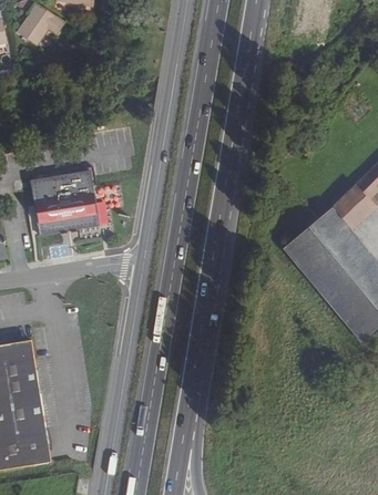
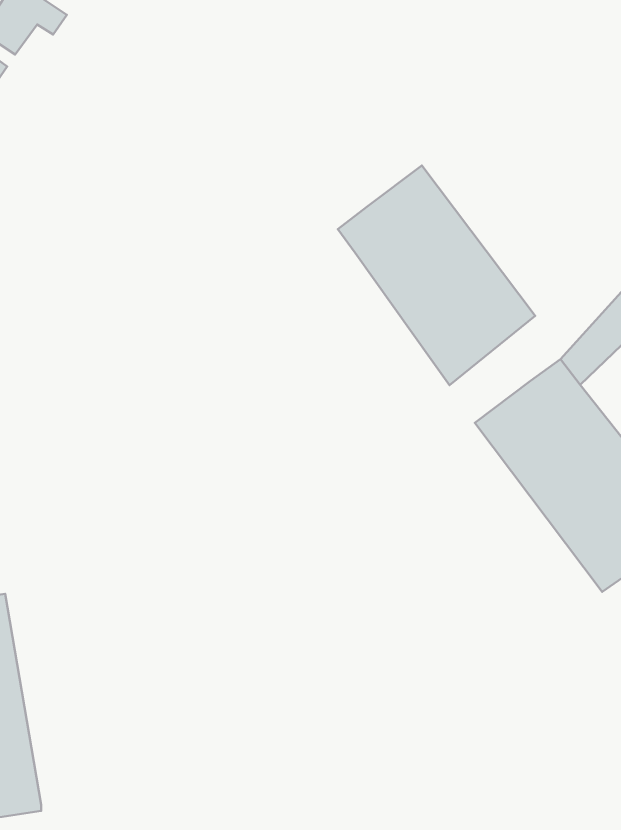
building: none -> [338,165,535,385]
building: [32,167,99,230] -> none

